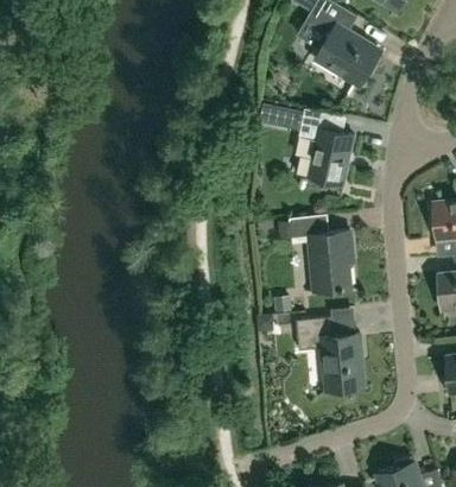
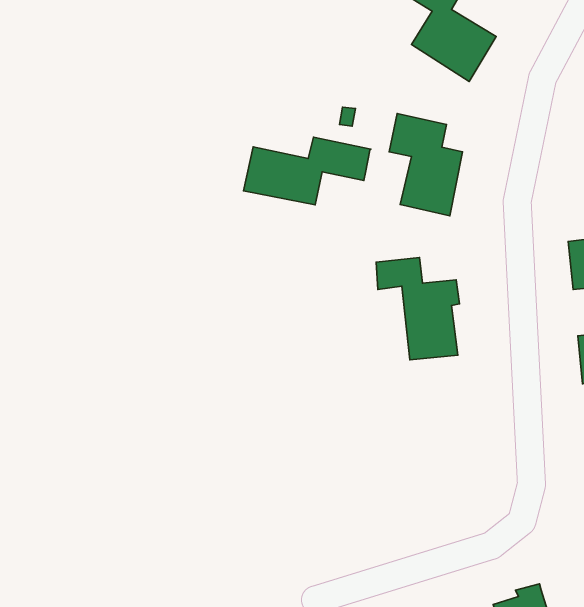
building: none -> [243,137,371,205]
building: [296,318,365,391] -> none

